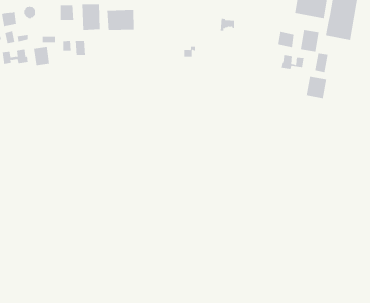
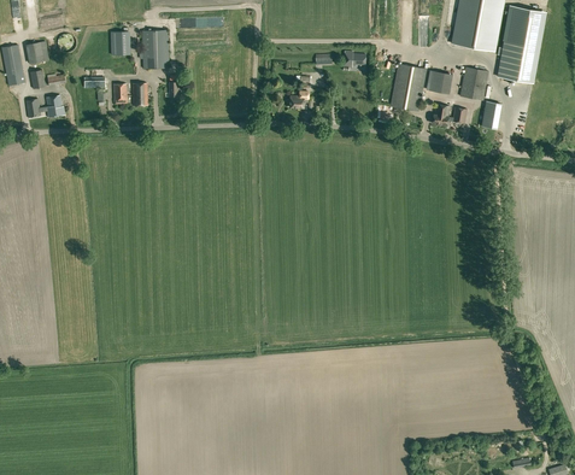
building: [107,9,134,31] -> none
building: none -> [391,64,427,111]
building: [34,46,50,66] -> none
building: [306,76,327,99] -> none

